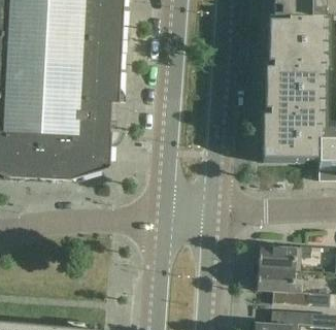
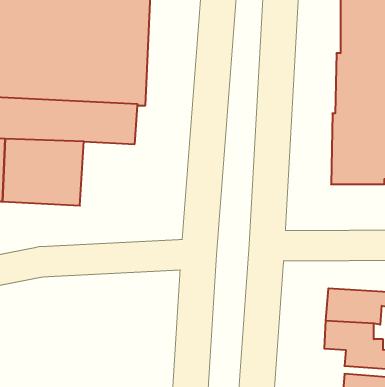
building: [68,130,110,179] -> none

